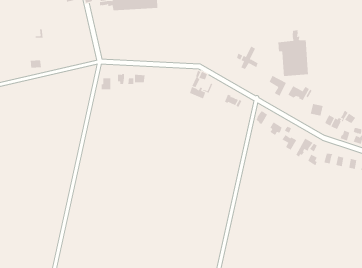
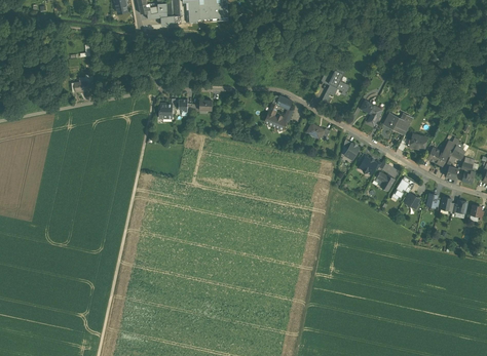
building: [278,30,309,77] -> none

